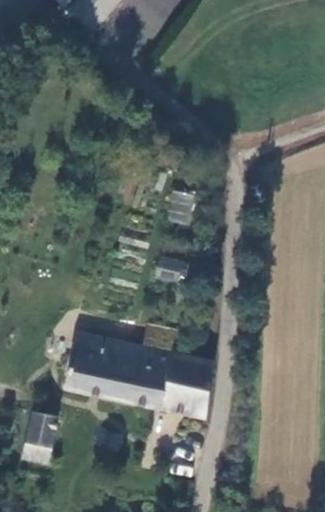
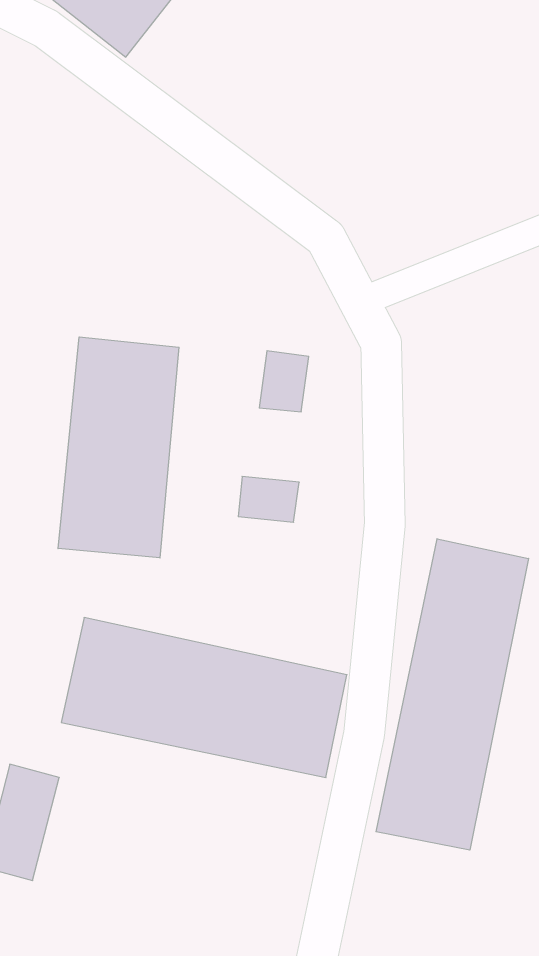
building: none -> [58,337,179,558]
building: none -> [376,539,529,850]

